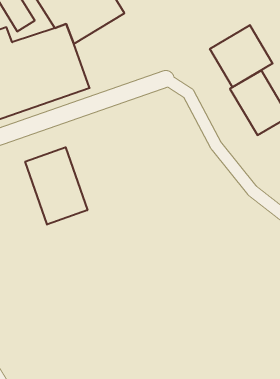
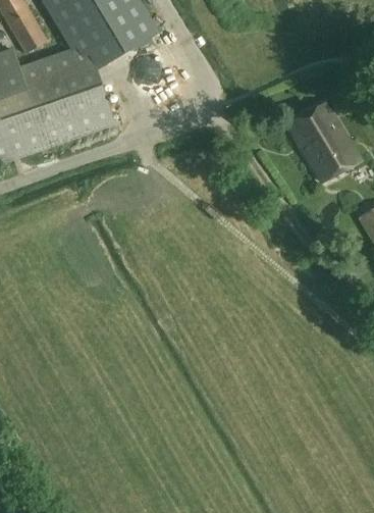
building: [210,25,273,87] -> none
building: [25,147,87,225] -> none

